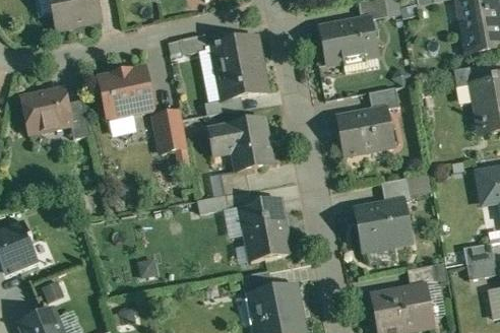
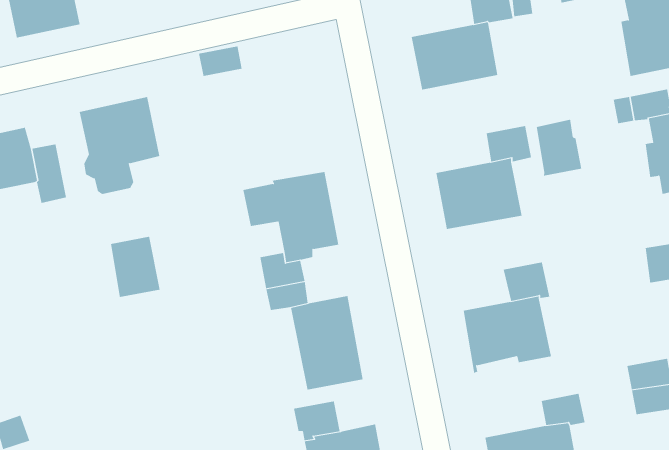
building: [211,37,265,99] -> none
building: none -> [536,119,582,177]
building: [153,112,187,152] -> [110,236,161,297]

